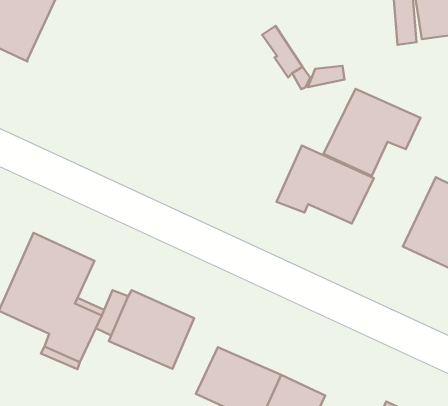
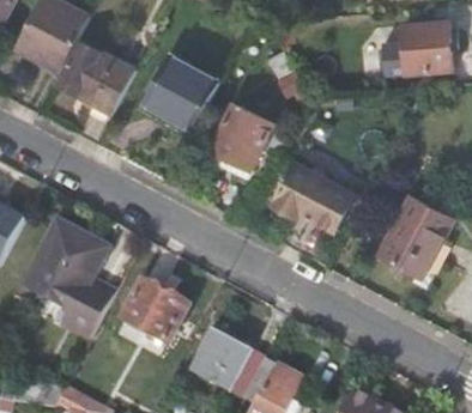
building: none -> [55,37,133,109]
building: none -> [144,51,219,128]
building: [324,89,420,176] -> [205,99,291,176]

